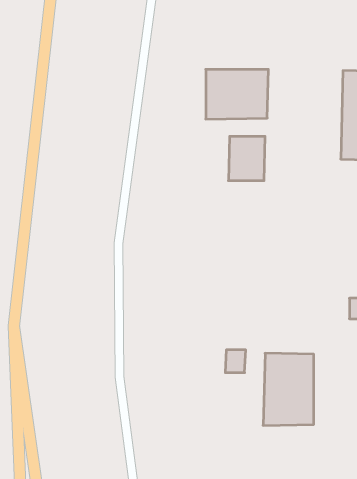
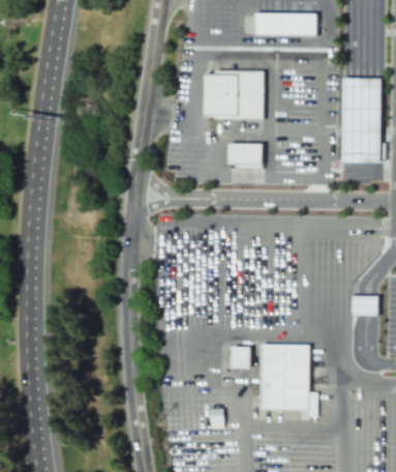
building: none -> [262,13,322,40]

